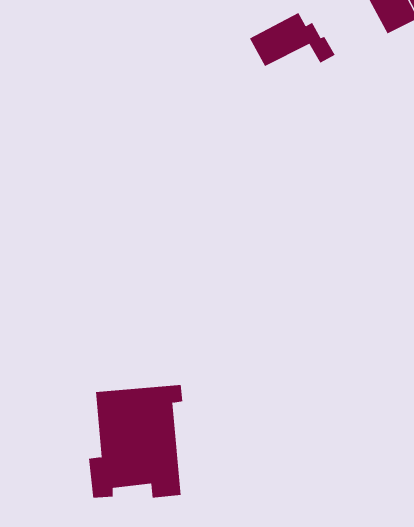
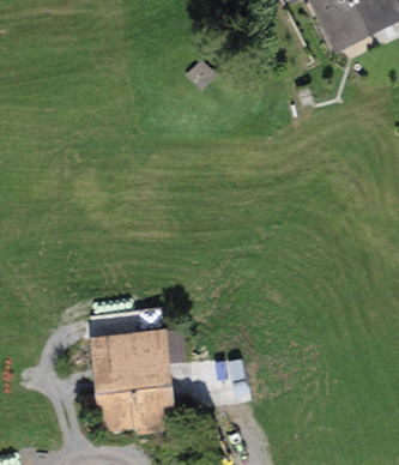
building: [249,12,336,67] -> none

